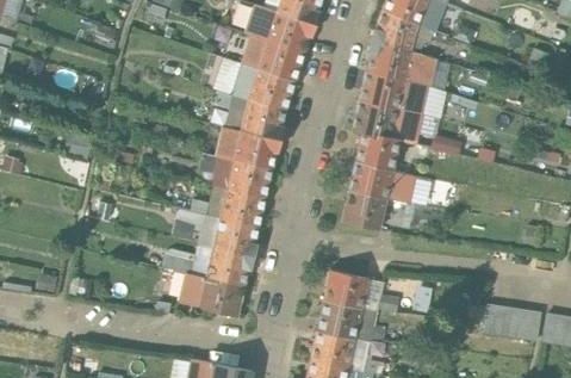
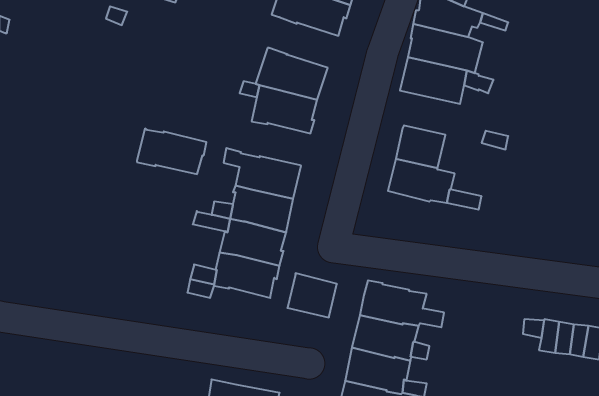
building: [243,36,305,81] -> none
building: [353,101,421,144] -> none
building: [218,128,280,168] -> [137,129,206,174]
building: [342,191,386,230] -> none
building: [200,277,244,316] -> [287,273,337,317]

